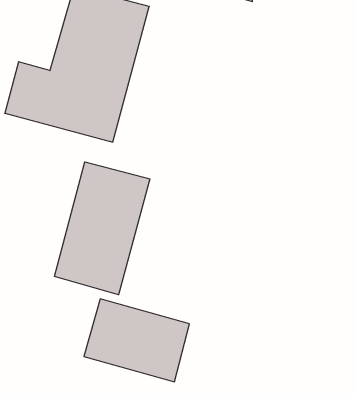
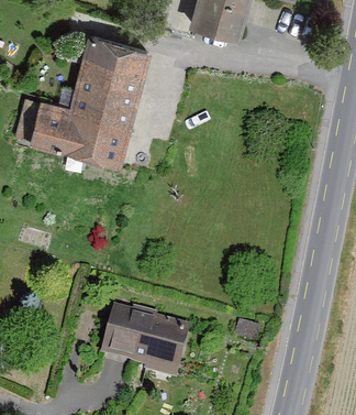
building: [54,162,150,295] -> none

